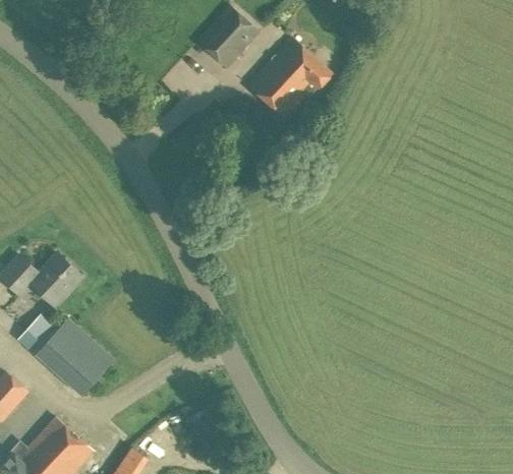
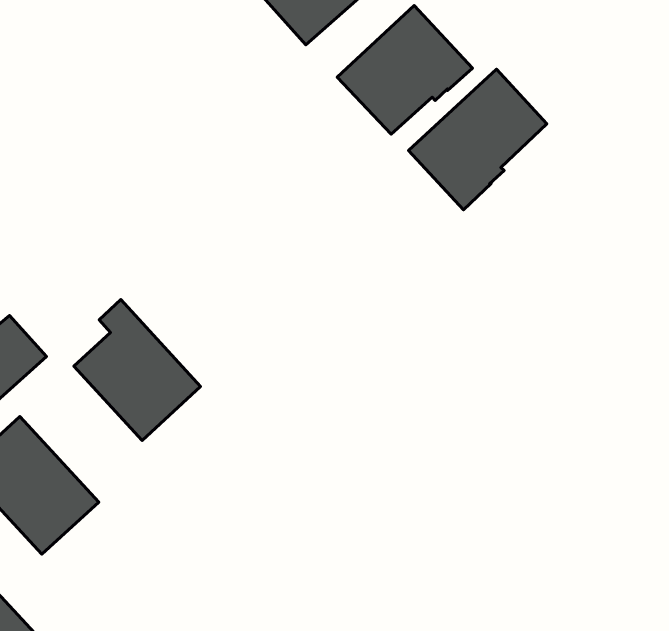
building: none -> [408,69,547,210]
building: none -> [74,300,200,440]

